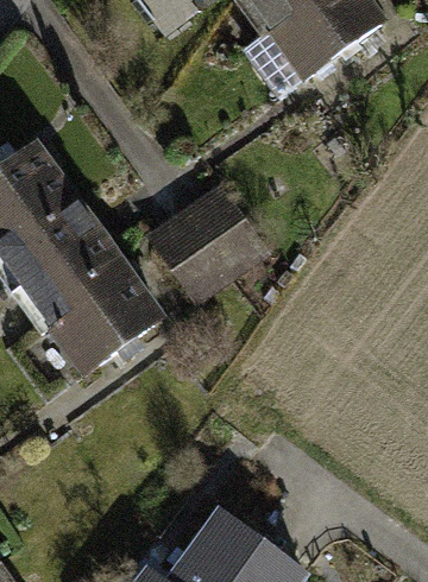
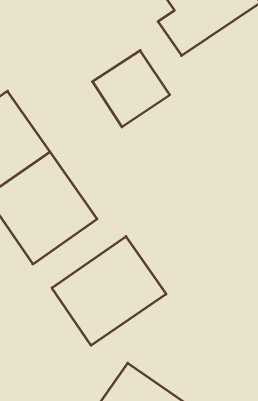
building: [151,191,257,296] -> [92,50,170,127]
building: none -> [52,236,166,345]

